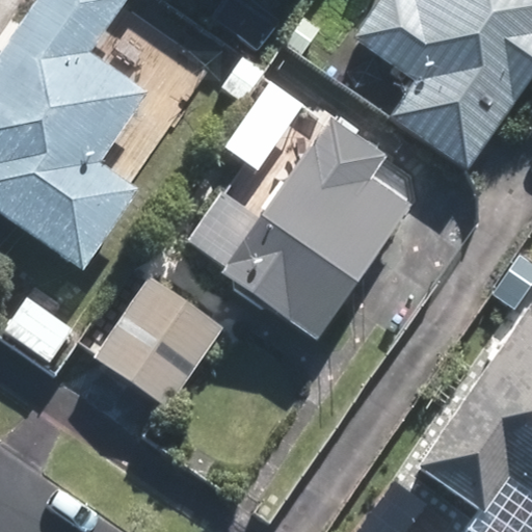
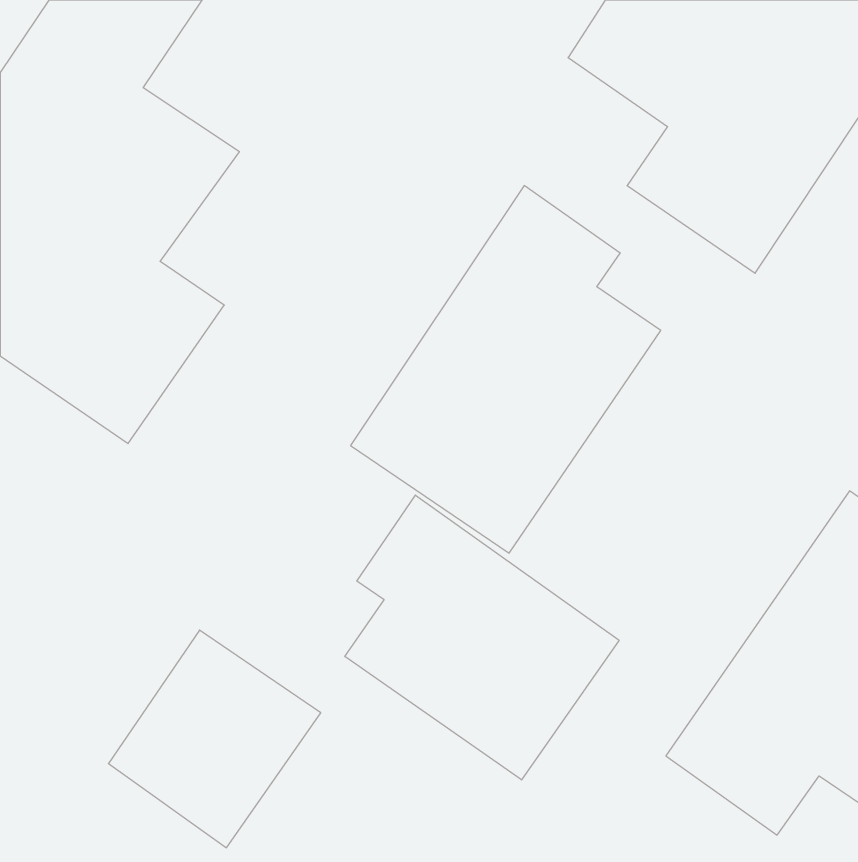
building: [95,271,225,405] -> [108,630,321,848]
building: none -> [345,495,619,780]

